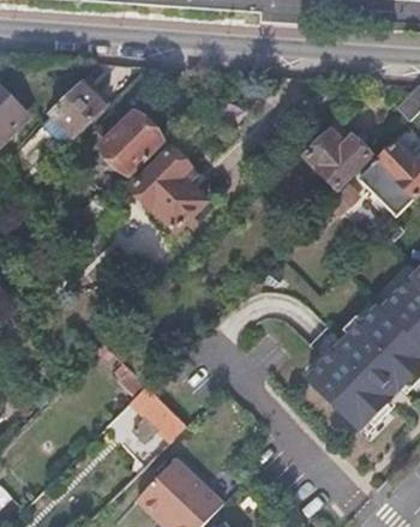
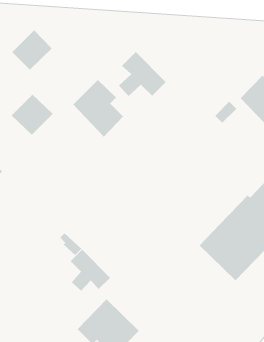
building: none -> [118,51,166,97]
building: [102,116,161,174] -> [11,94,54,136]
building: [308,131,373,187] -> none

